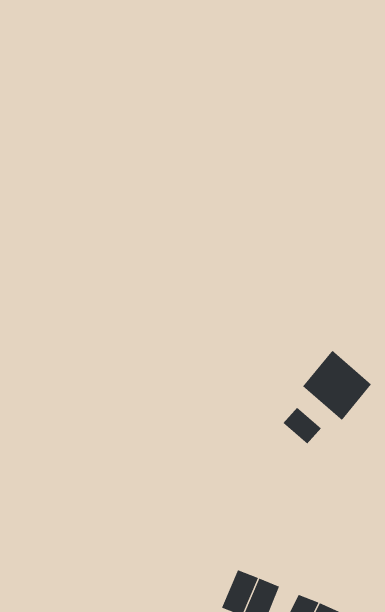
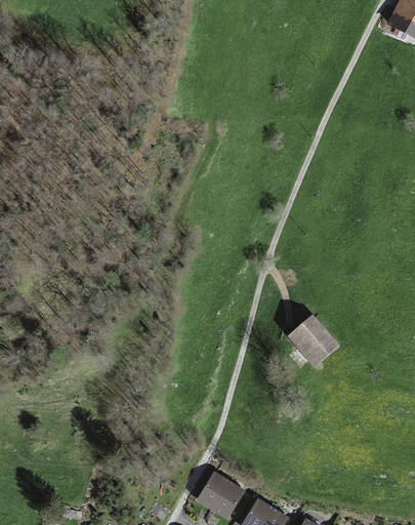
building: [282,407,322,445] -> none

